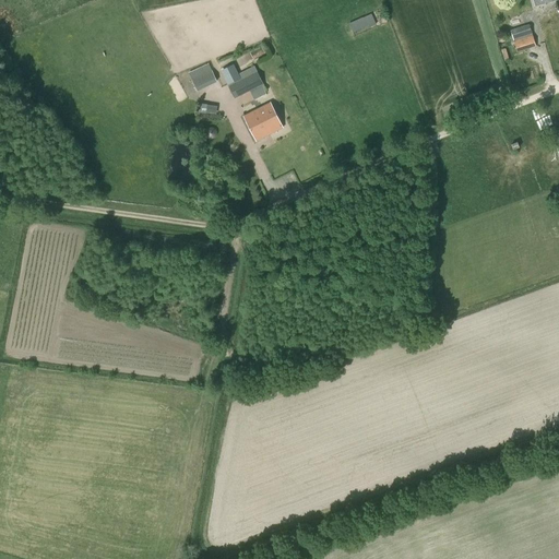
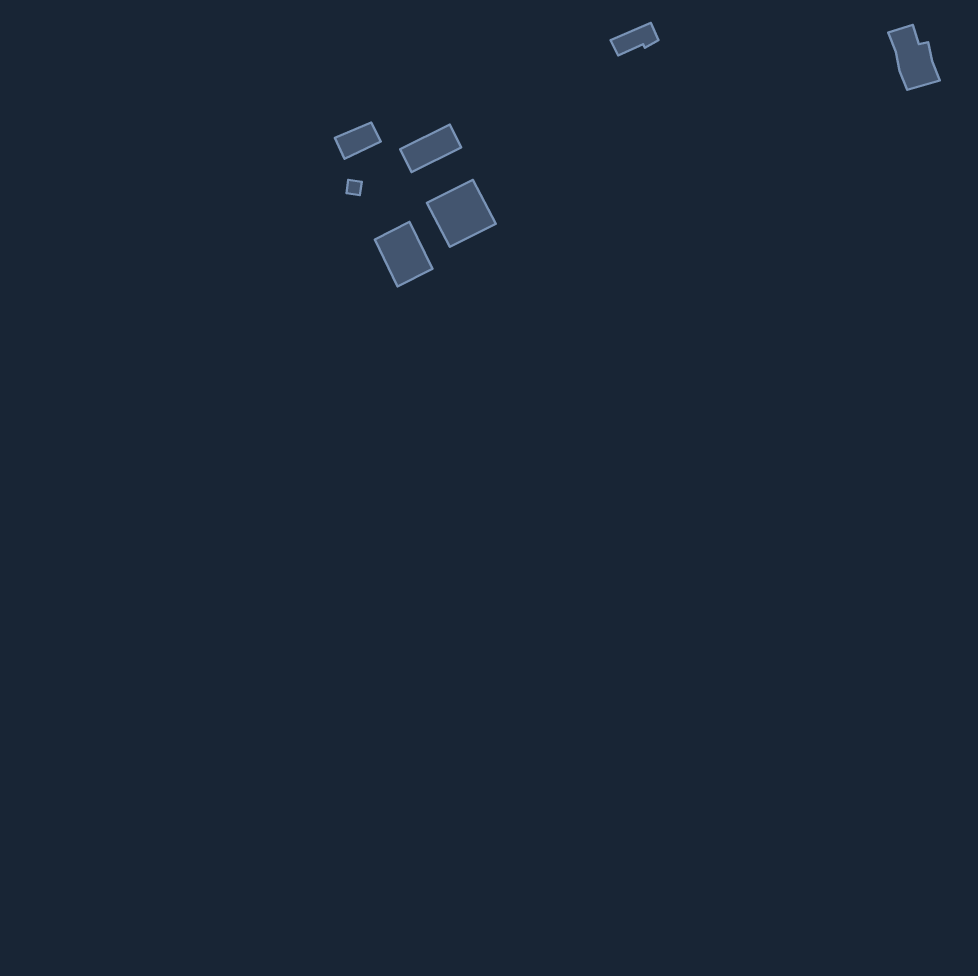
building: none -> [375,222,432,286]

